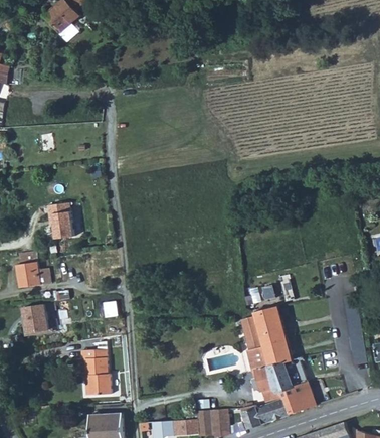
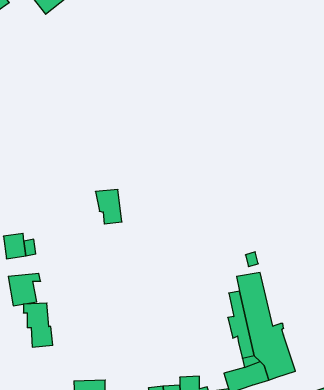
building: [44,202,71,238] -> [95,190,122,224]
building: [76,349,107,395] -> [23,303,53,347]

